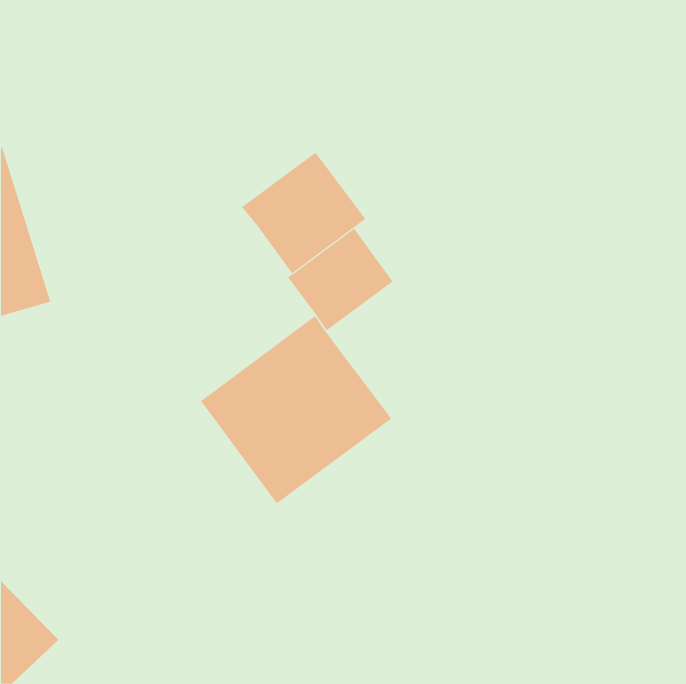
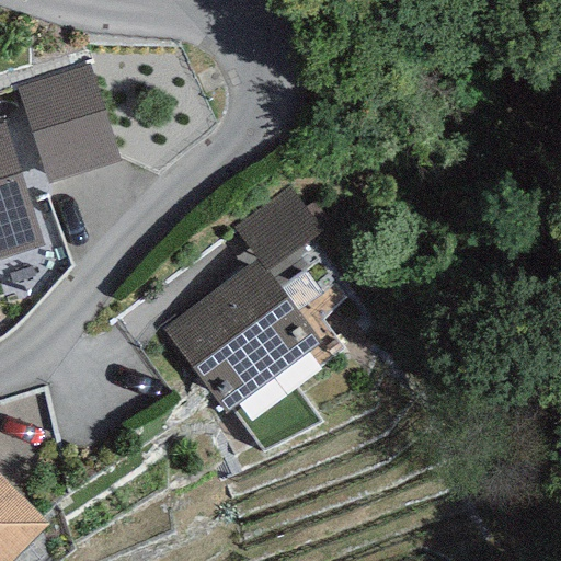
building: none -> [18,75,121,182]
building: [241,152,366,274] -> none

